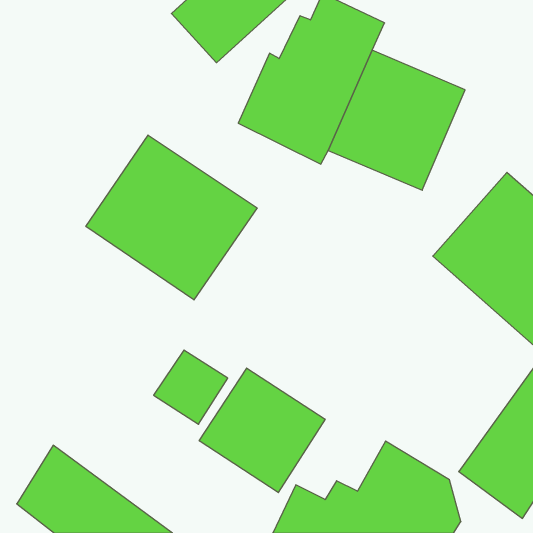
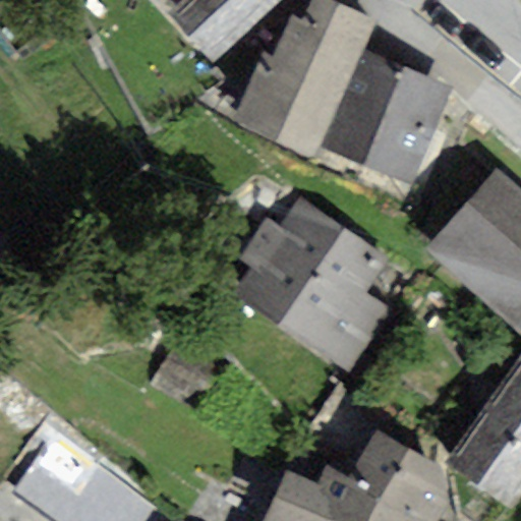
building: [86,135,257,300] -> none
building: none -> [218,196,394,377]
building: [199,368,325,493] -> none

